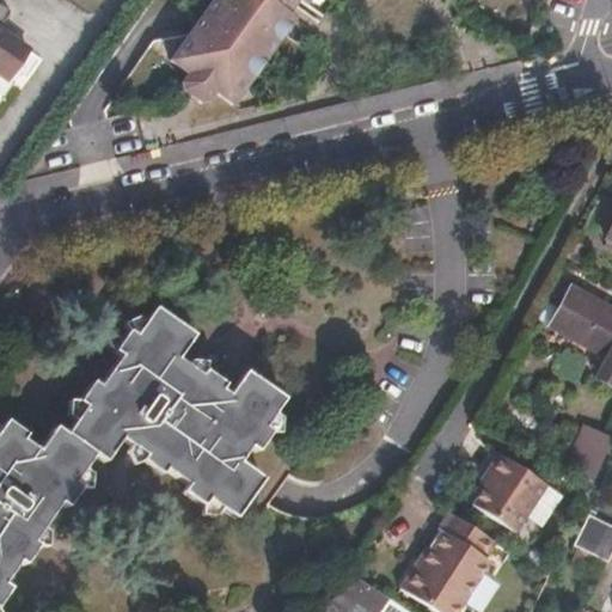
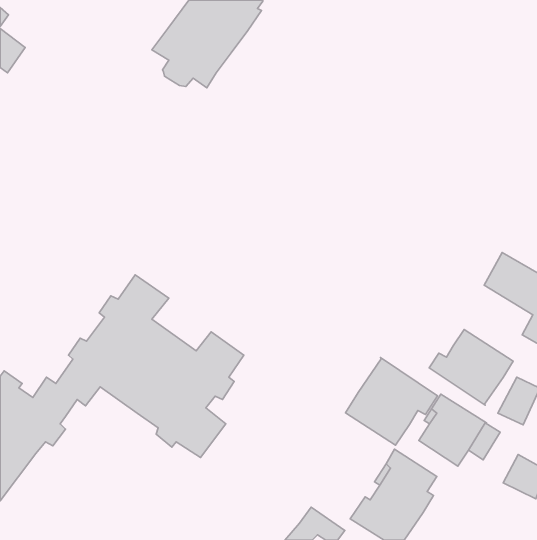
building: none -> [429,329,513,405]
building: none -> [345,358,438,445]

